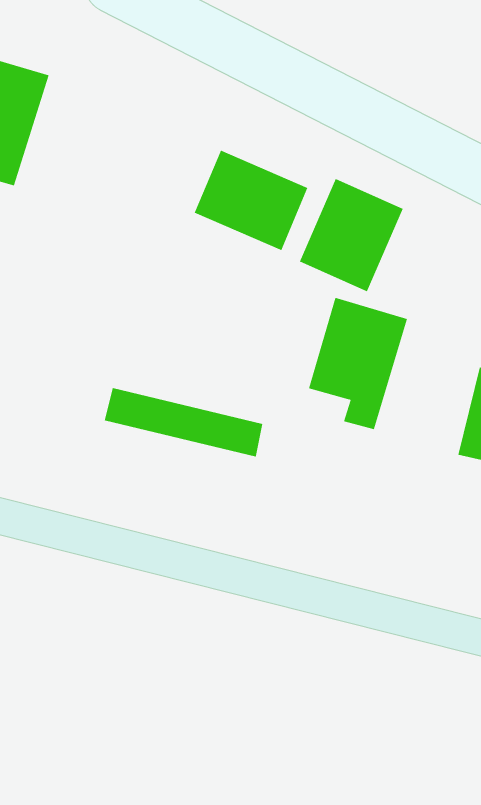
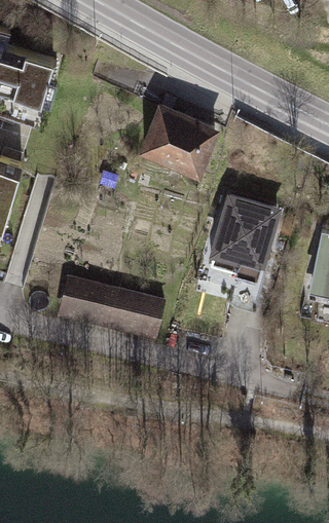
building: [299,178,404,292] -> none
building: [104,387,263,457] -> [64,284,162,327]

